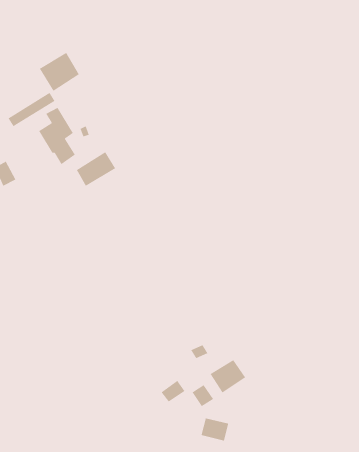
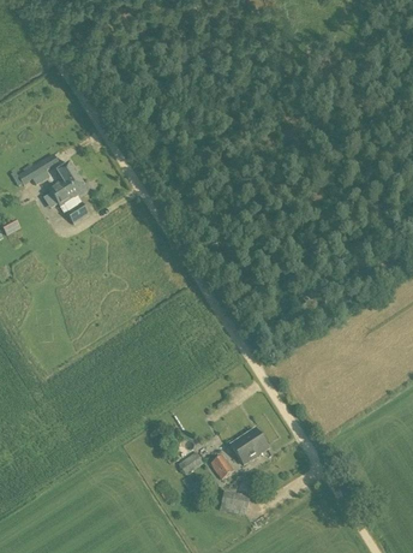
building: [39,52,80,92] -> none
building: [76,151,116,187] -> none

